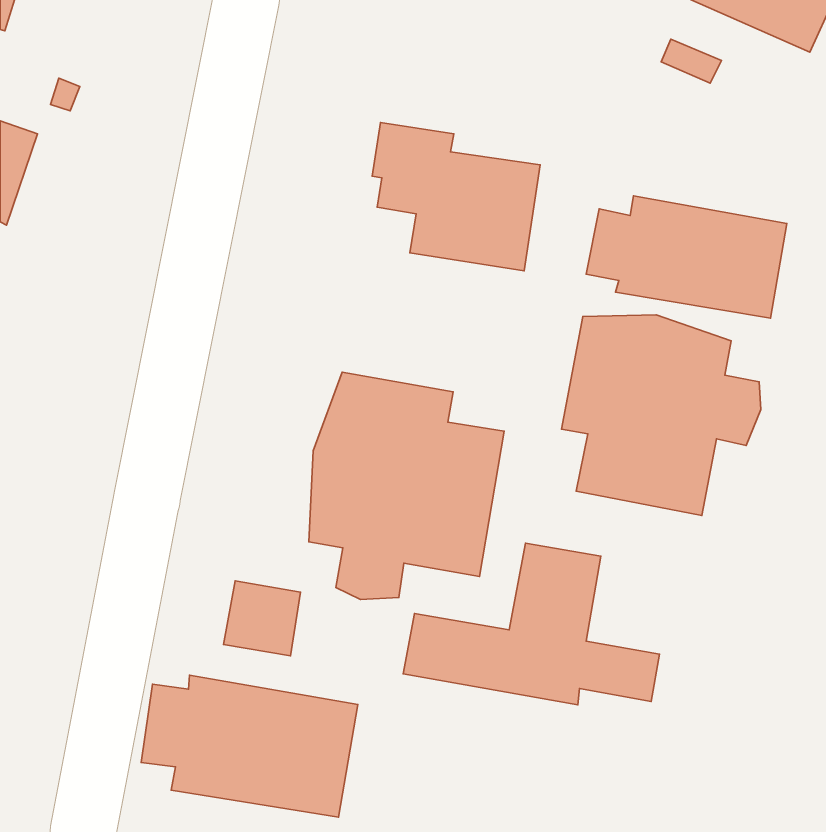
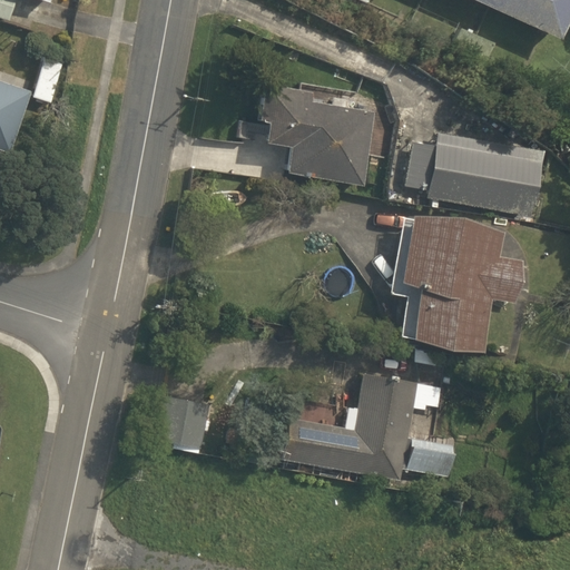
building: [309,372,504,600] -> none
building: [141,675,358,817] -> none

